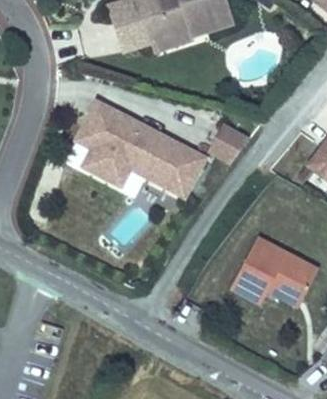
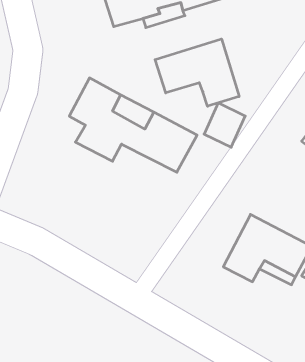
building: none -> [155,39,239,106]

